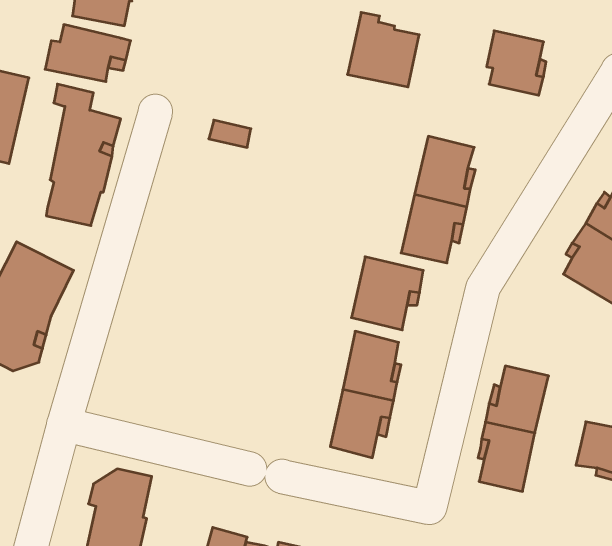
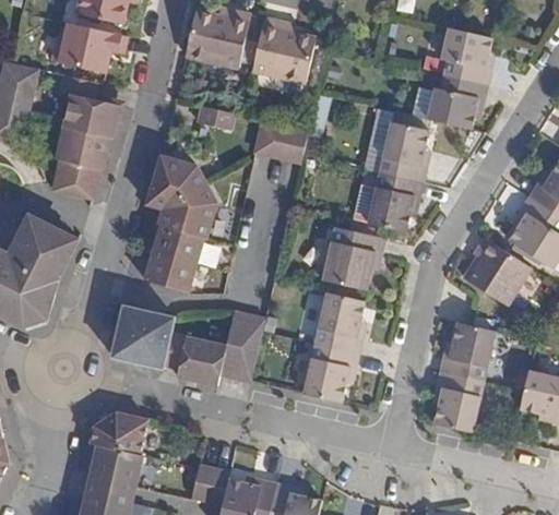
building: none -> [185,10,249,67]
building: [347,12,419,87] -> [251,17,314,83]
building: none -> [427,74,486,129]
building: none -> [253,119,308,164]
building: none -> [144,155,215,292]
building: none -> [463,237,528,304]
building: none -> [111,306,264,385]

